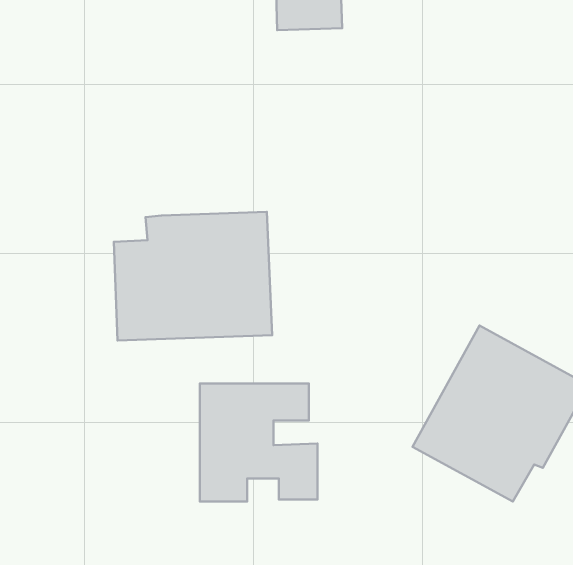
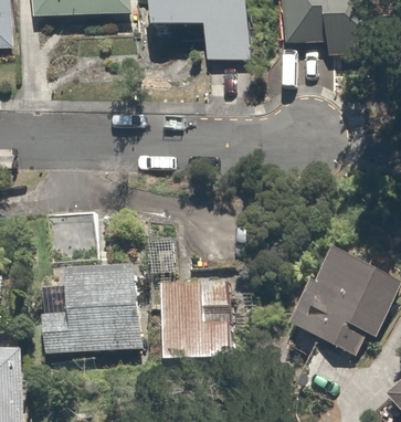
building: [114,212,272,340] -> [41,267,140,348]

